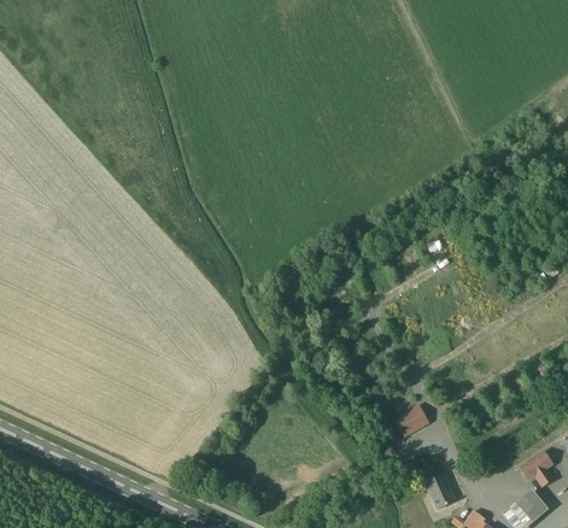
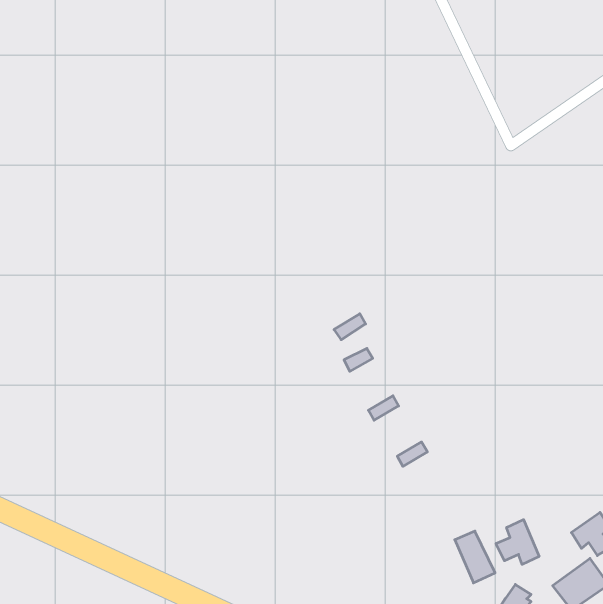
building: [393,404,429,436] -> none
building: none -> [496,520,539,564]

